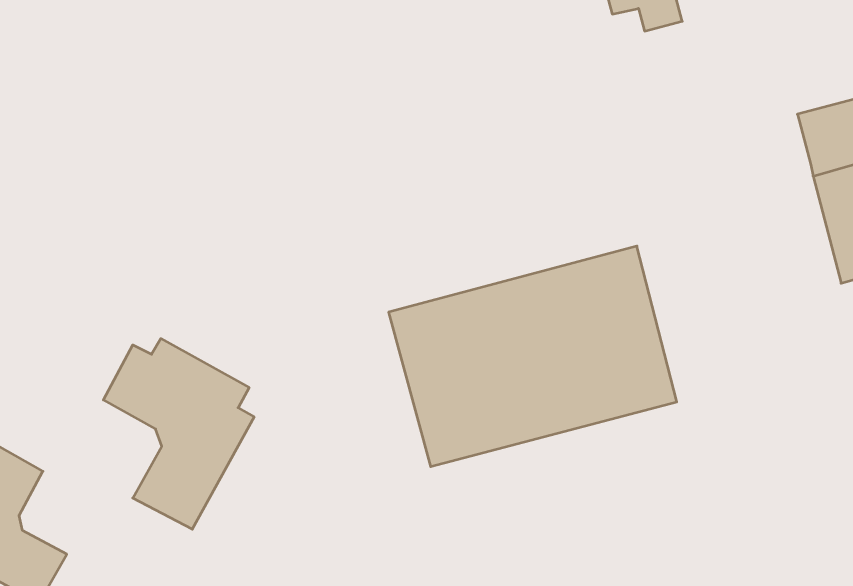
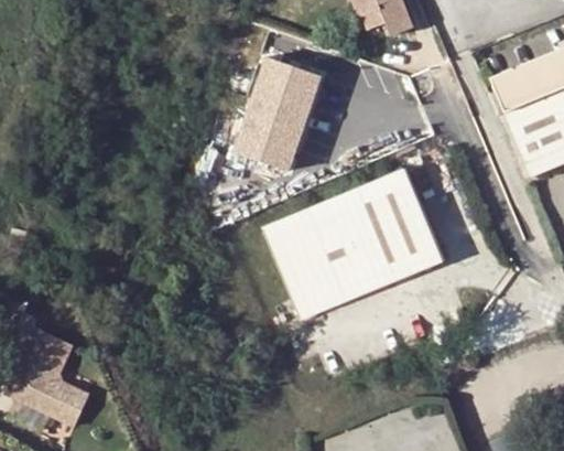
building: none -> [234,61,322,170]
building: [103,339,254,529] -> none

